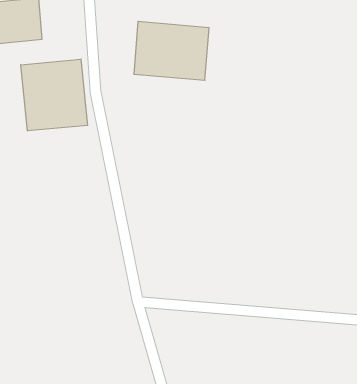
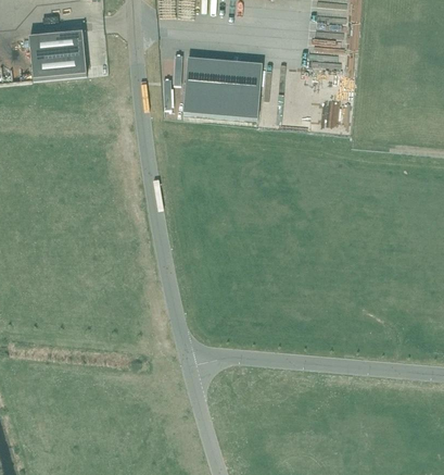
building: [21,59,88,131] -> none

